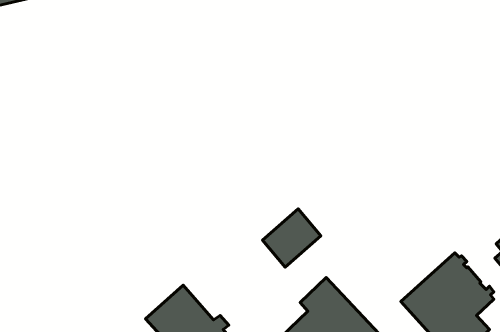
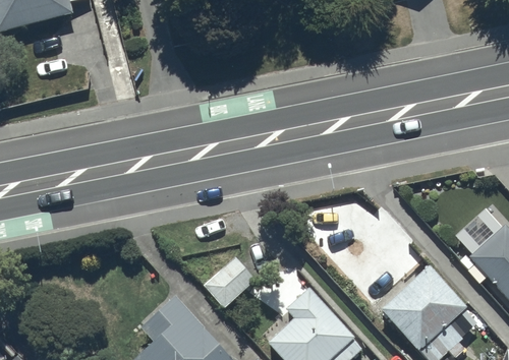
building: [263,209,321,267] -> [202,253,257,308]

